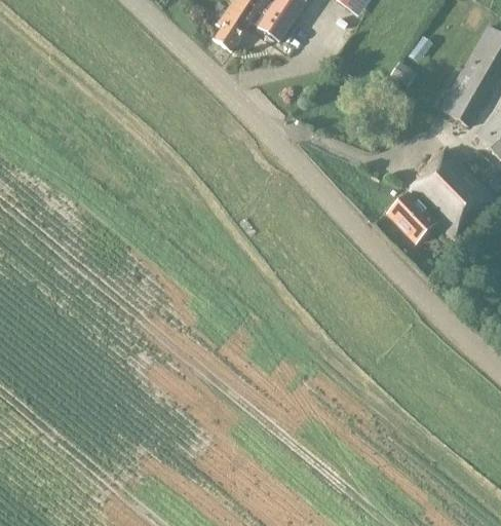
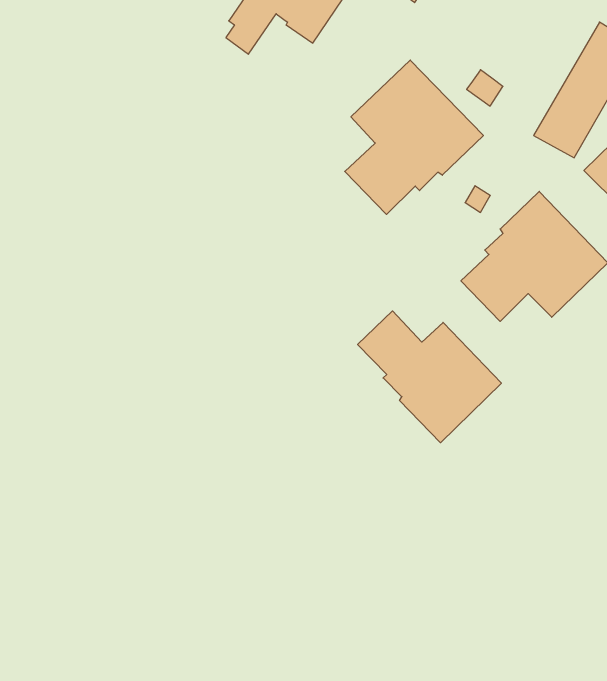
building: none -> [345,60,483,214]
building: none -> [358,311,501,443]

